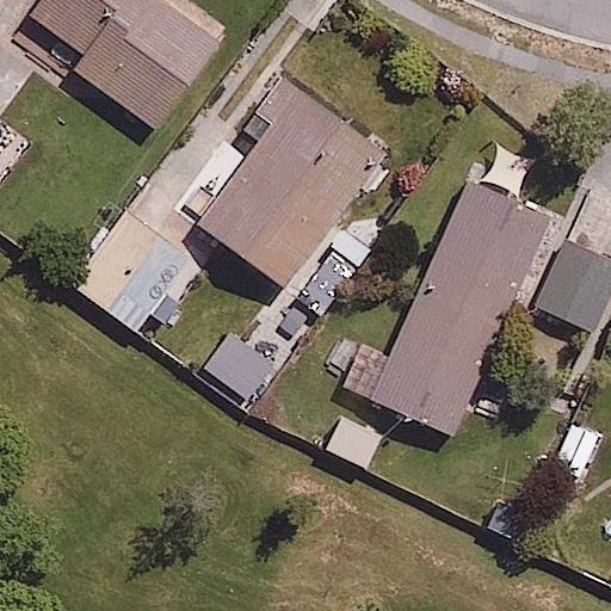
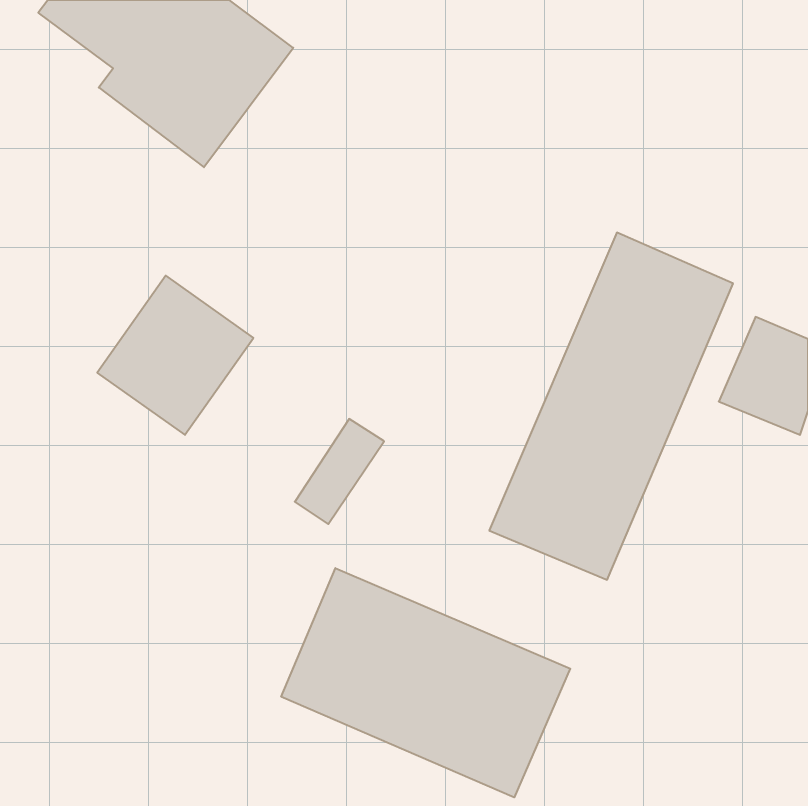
building: [192,79,388,286] -> none
building: none -> [281,568,570,797]

